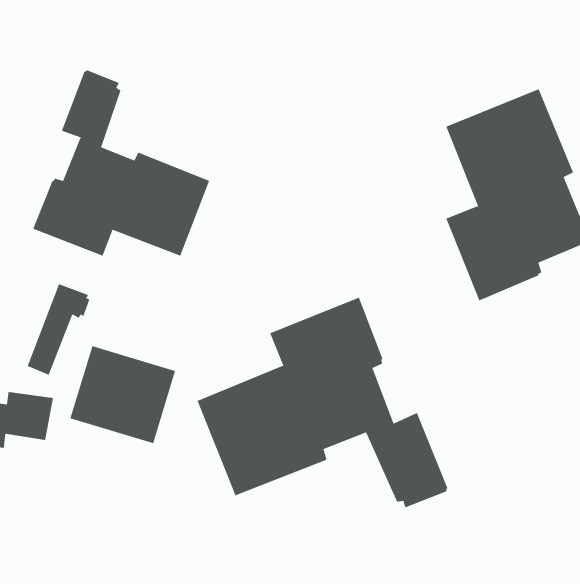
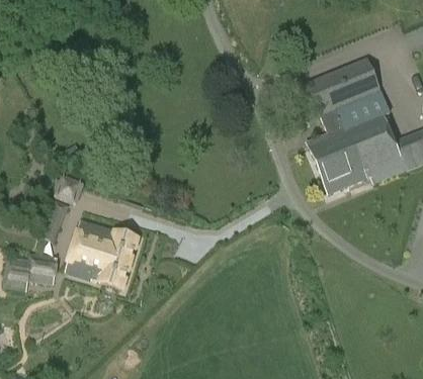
building: [32,69,210,256] -> none
building: [197,297,448,508] -> none

